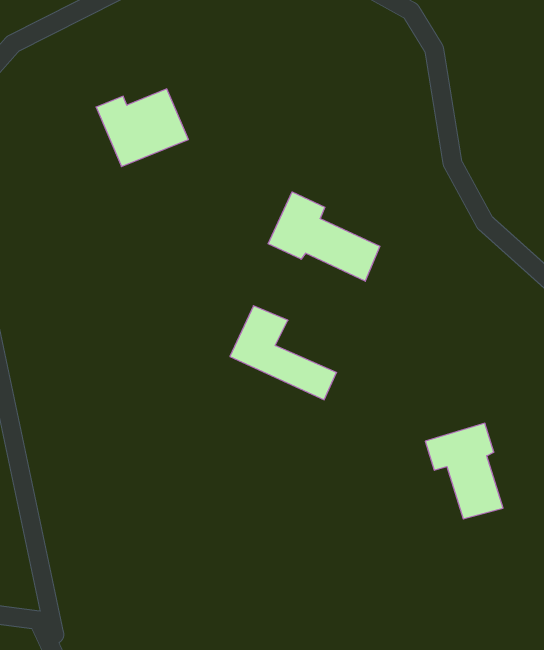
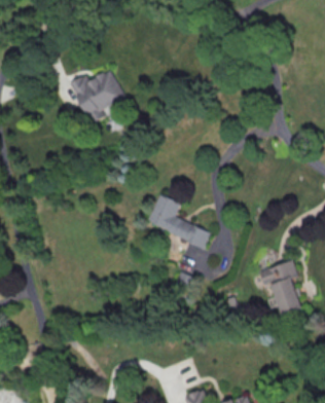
building: [268,192,380,281] -> none

